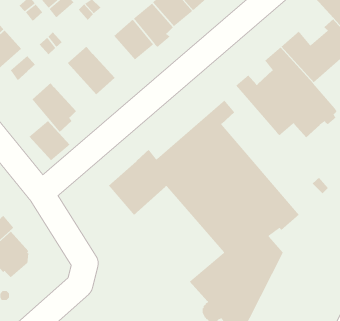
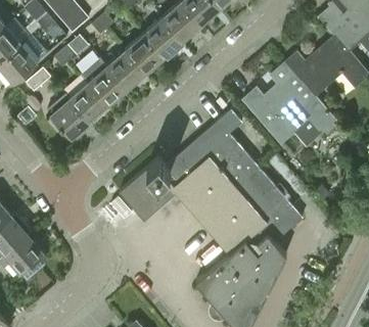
building: none -> [105,50,145,90]
building: [29,120,71,161] -> [68,83,108,122]

